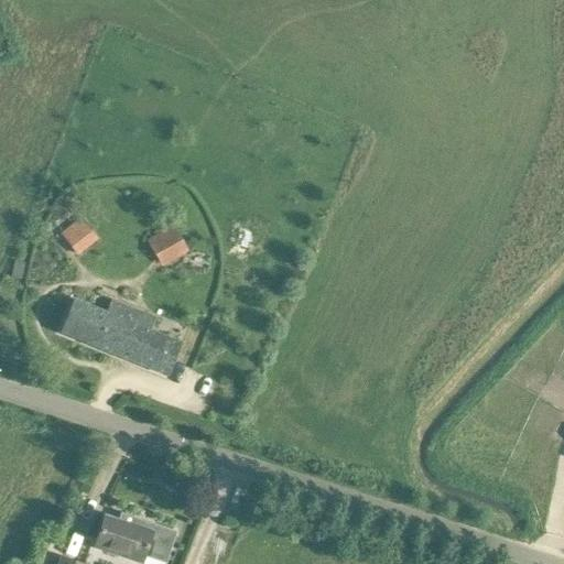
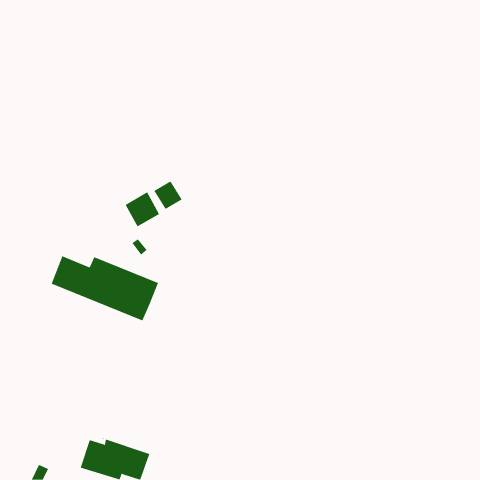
building: none -> [153,181,183,210]
building: [63,218,98,253] -> none

